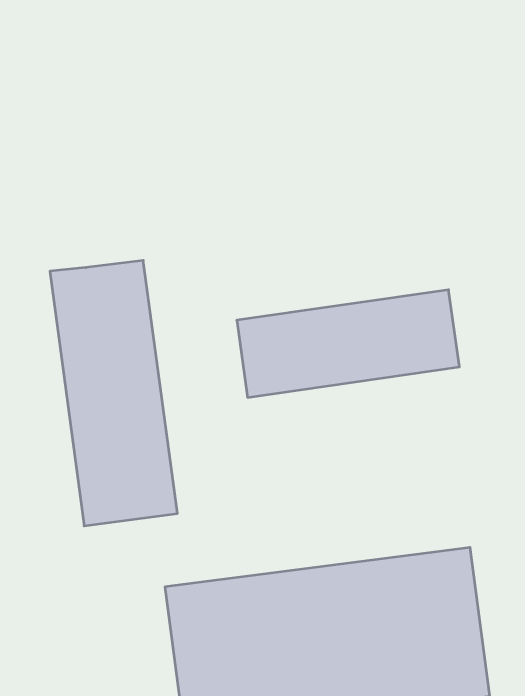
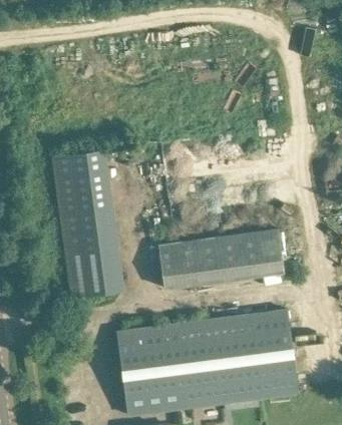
building: [237,290,459,397] -> [158,230,283,290]

